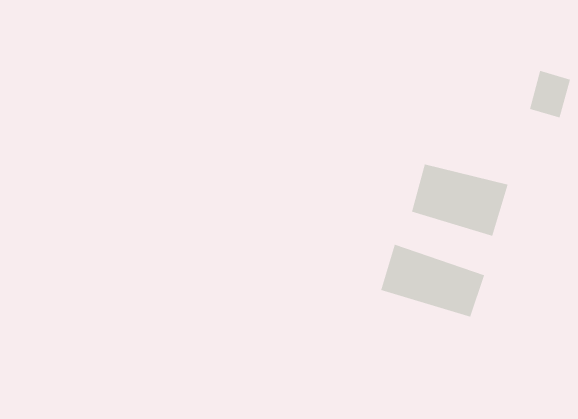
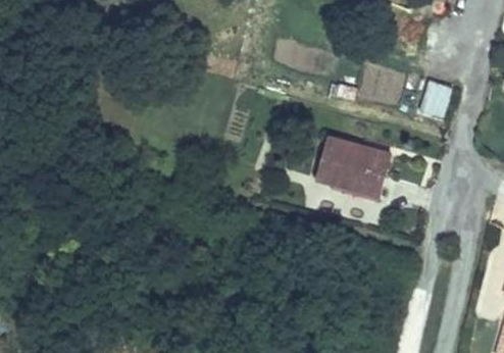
building: [380,244,485,317] -> none

